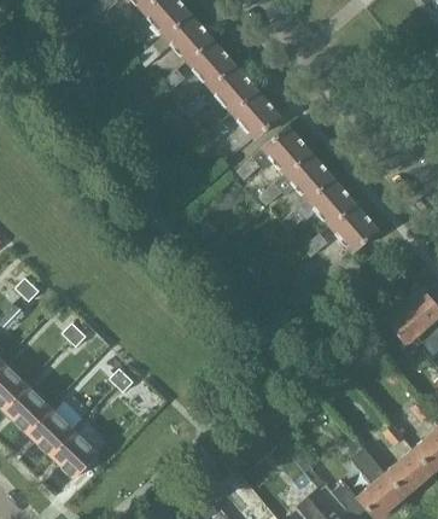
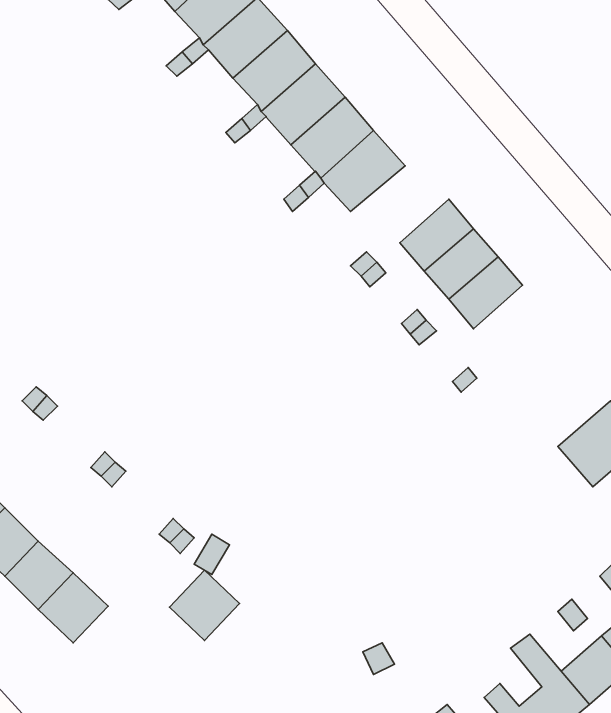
building: [259,127,311,176] -> none
building: [328,205,380,256] -> none
building: [53,426,101,474] -> [169,570,240,640]

